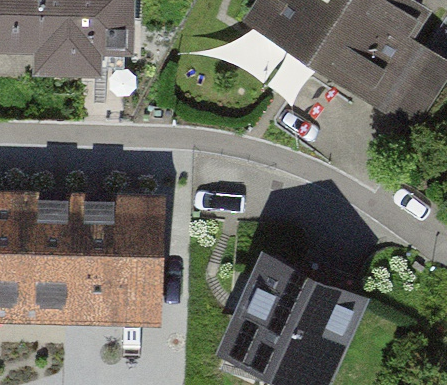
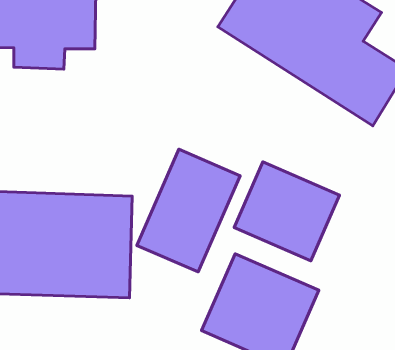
building: none -> [137,149,240,272]
building: none -> [234,162,339,261]

